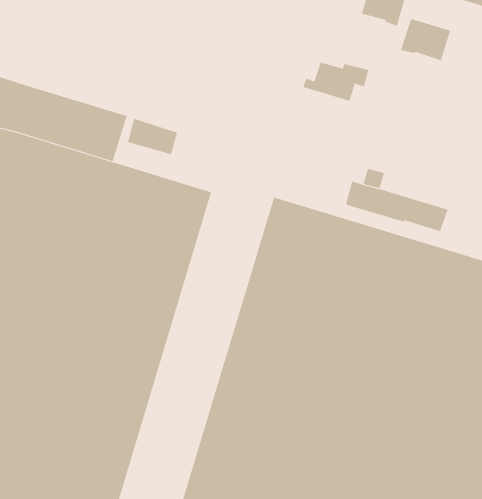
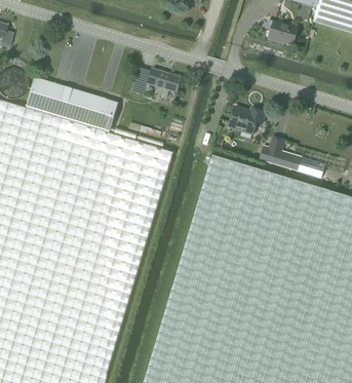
building: [400,18,451,61] -> none
building: [303,62,369,102] -> [223,107,266,132]
building: [127,118,178,155] -> [148,69,181,92]

